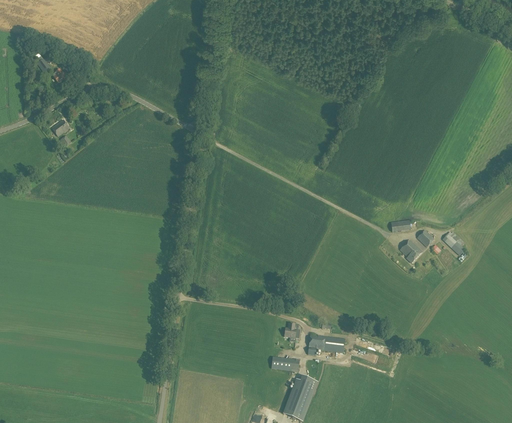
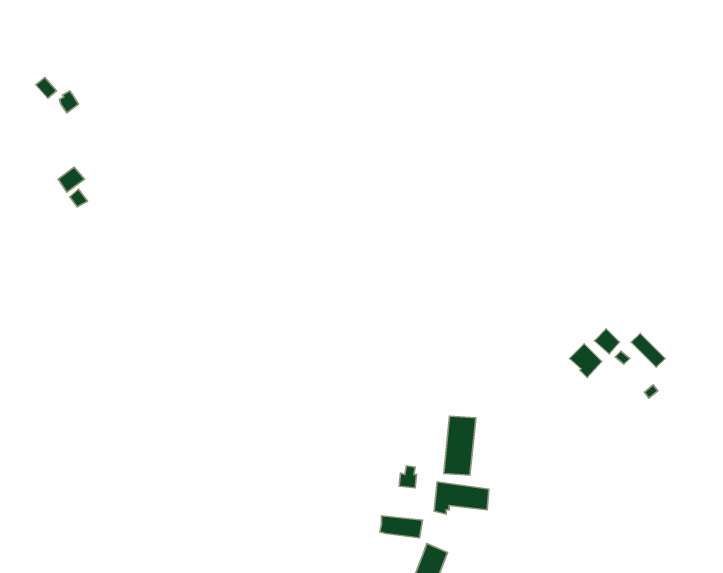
building: none -> [444,416,476,475]

